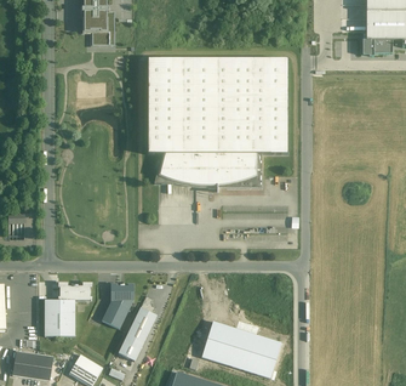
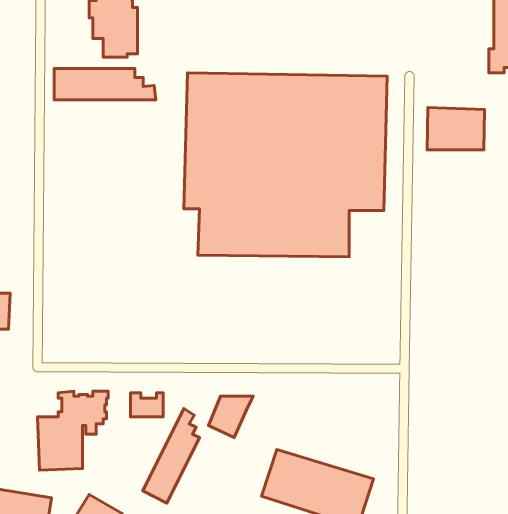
building: none -> [54,69,156,100]
building: none -> [427,108,484,150]
building: [101,297,132,327] -> [208,396,253,437]

